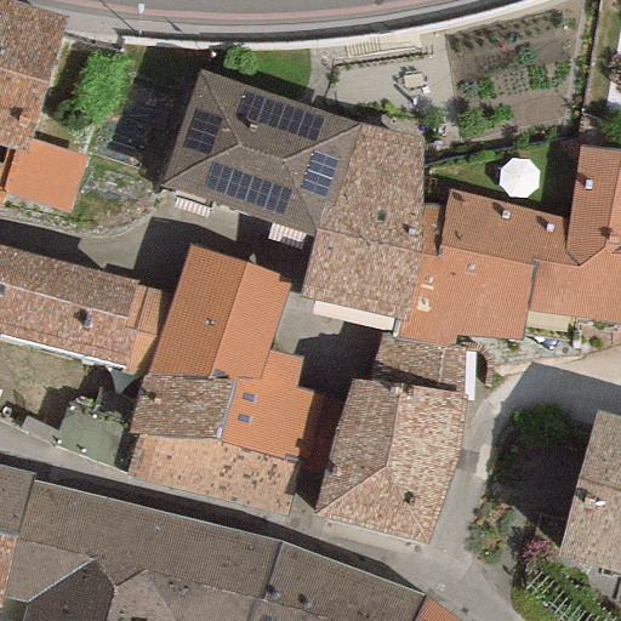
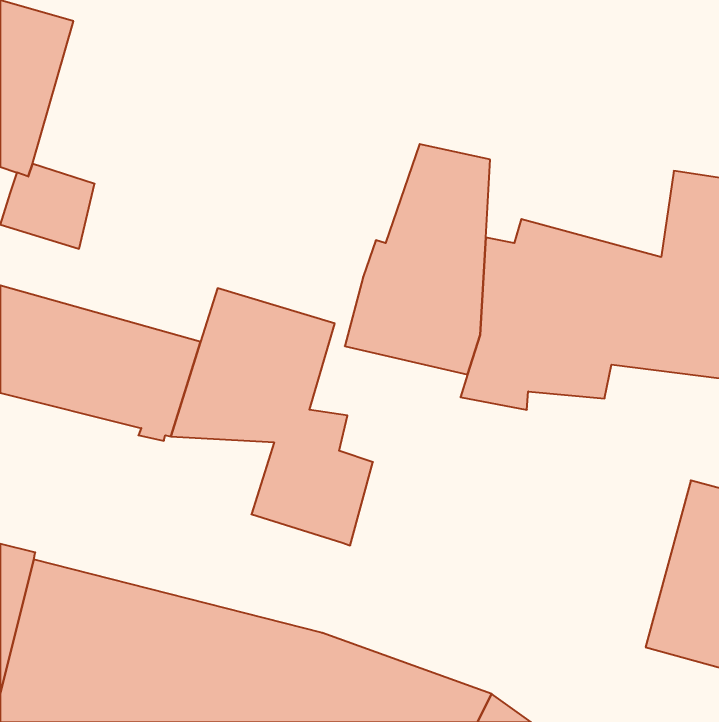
building: [160,69,363,238] -> none
building: [315,340,466,543] -> none
building: [125,374,296,518] -> none

